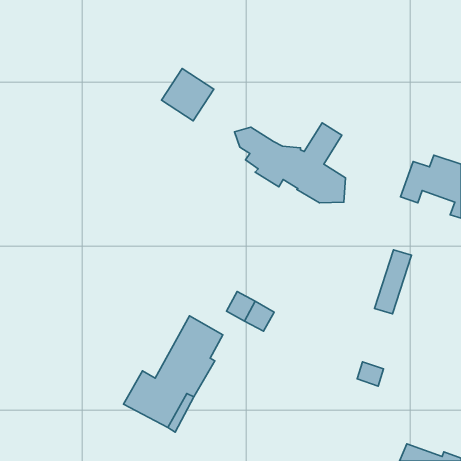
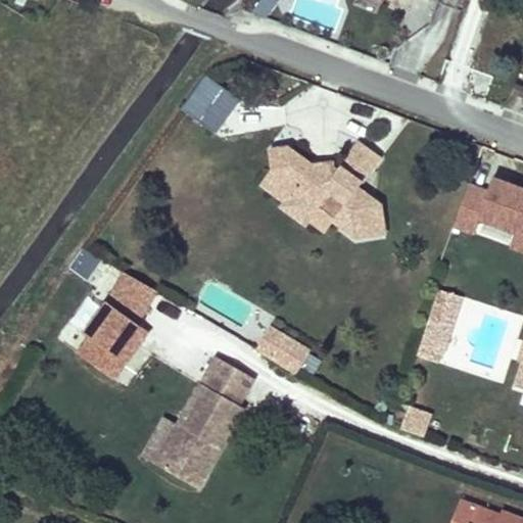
building: none -> [260,167,337,227]
building: none -> [77,273,159,380]

